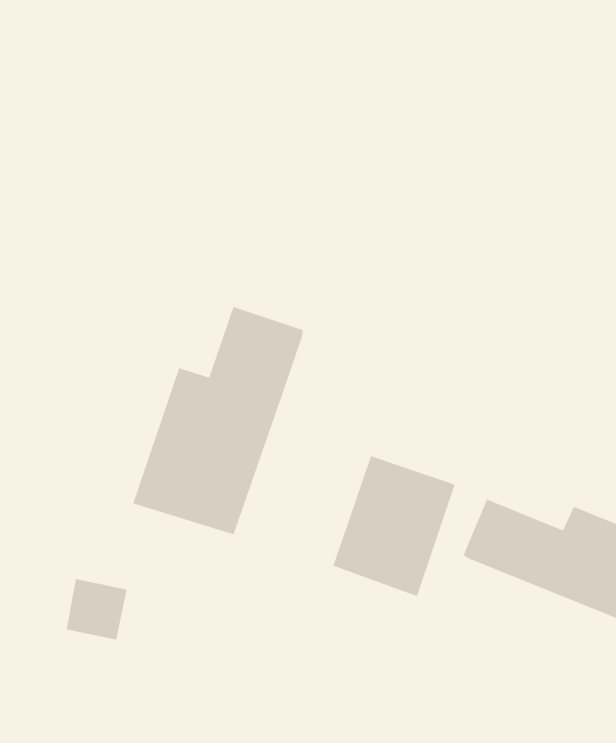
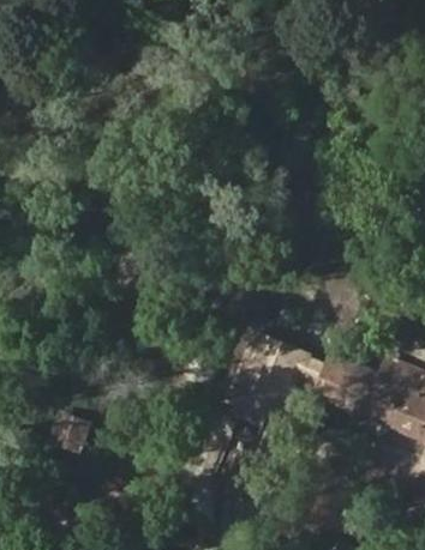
building: [133,306,303,535] -> none

